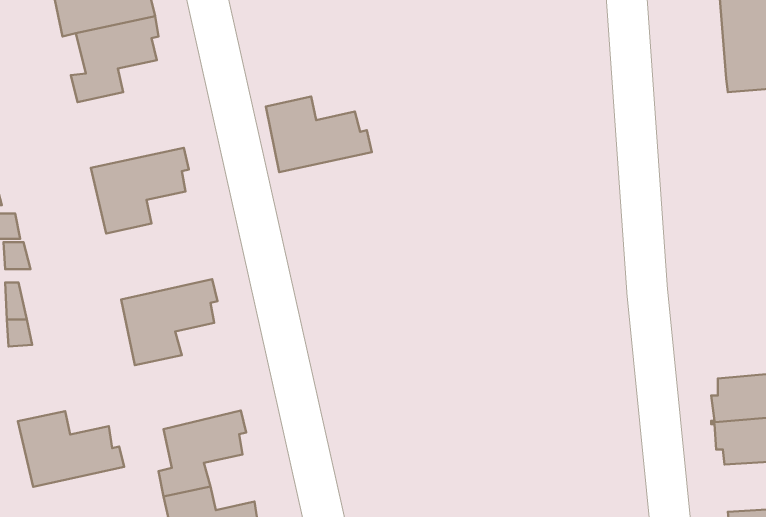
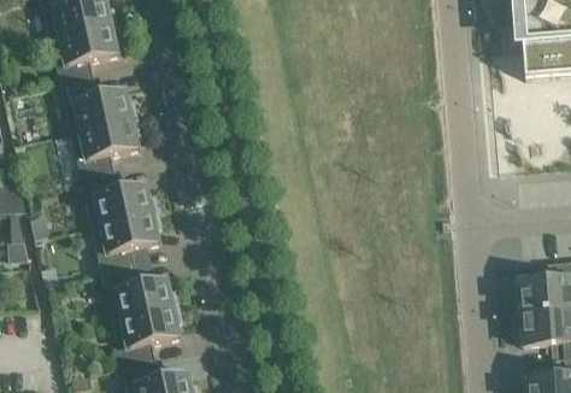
building: [266,96,372,172] -> [61,75,137,129]
building: none -> [82,169,158,223]
building: [18,411,124,487] -> [102,263,178,317]

